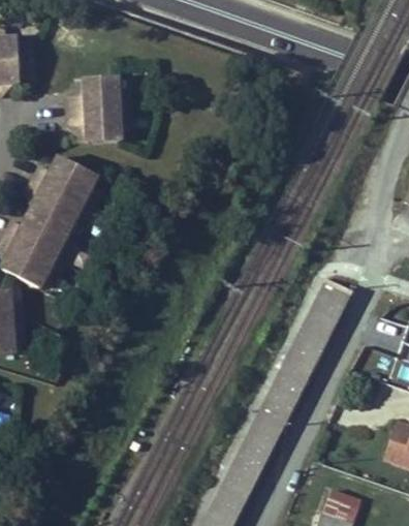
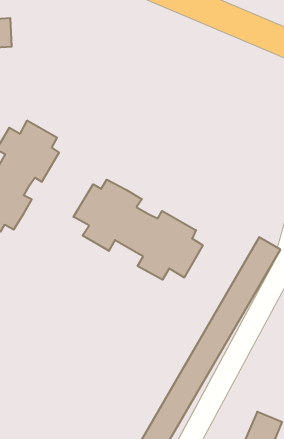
building: [68,78,131,145] -> none
building: none -> [73,180,203,280]

